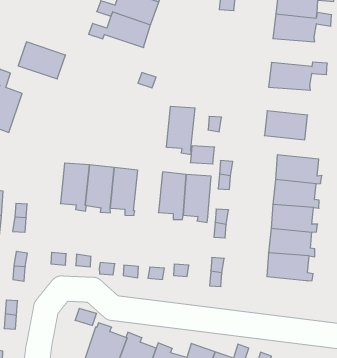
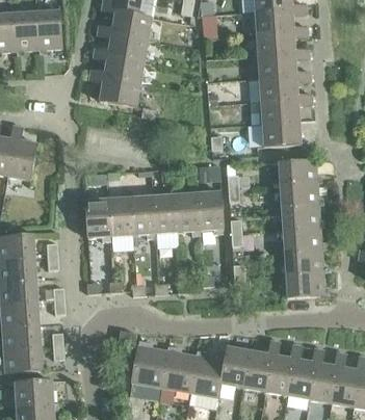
building: none -> [257,48,309,78]
building: [18,42,66,79] -> [99,77,140,106]
building: none -> [260,93,312,123]
building: [166,106,195,154] -> [153,193,179,236]
building: none -> [286,271,329,296]

